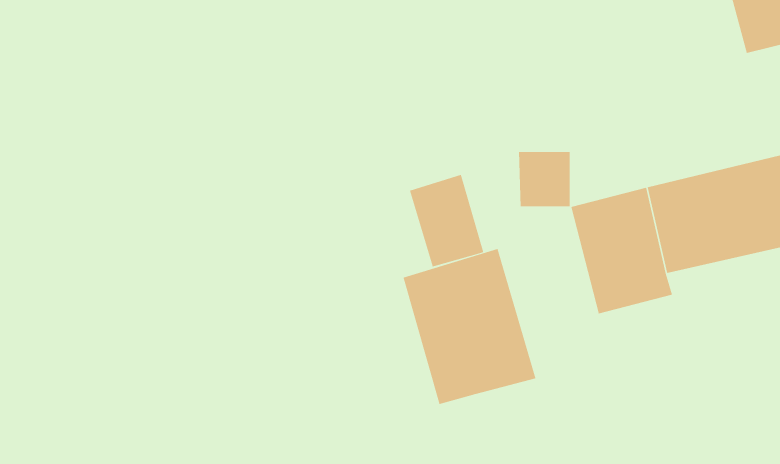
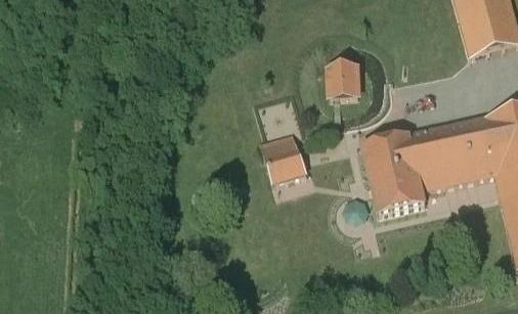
building: [518,151,570,207] -> [329,62,361,97]
building: [403,248,536,405] -> none

